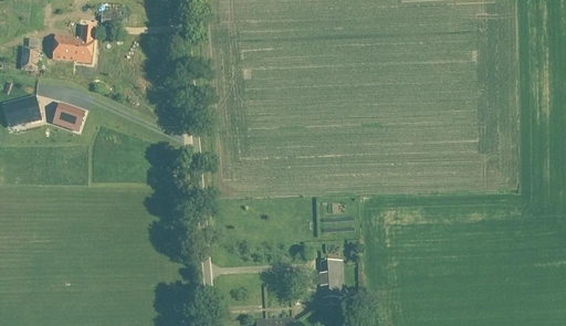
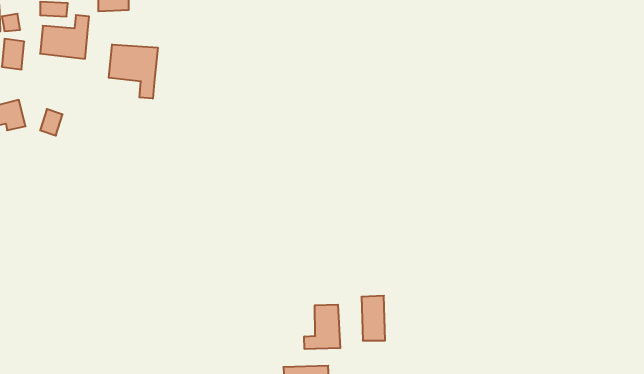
building: none -> [109,44,158,99]
building: none -> [304,305,340,349]

